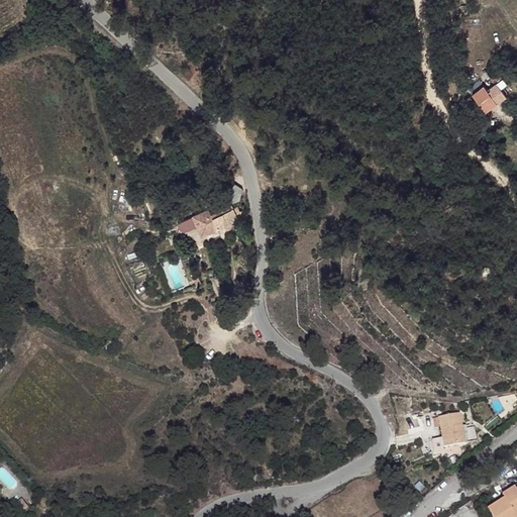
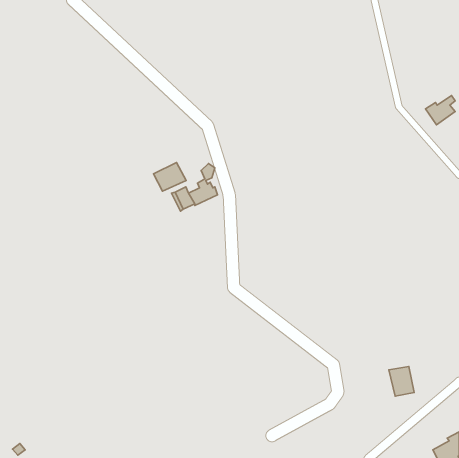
building: [472,77,505,110] -> [426,95,455,125]
building: none -> [153,162,186,191]

